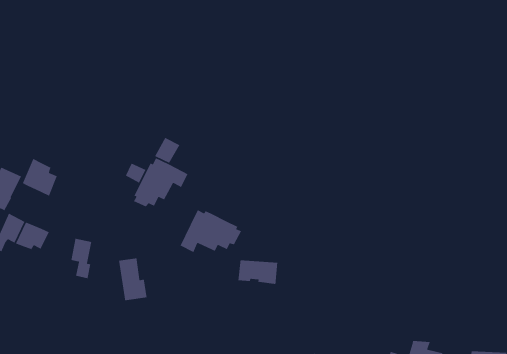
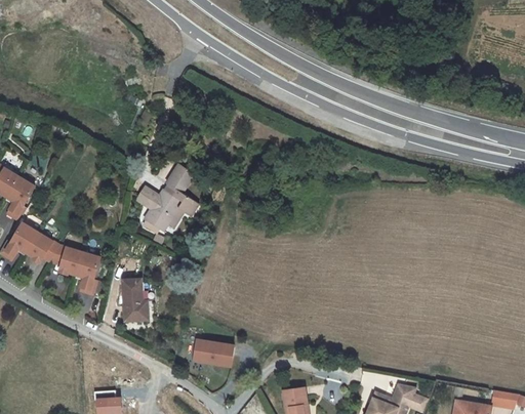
building: [22,158,58,197] -> none
building: [179,209,242,253] -> none
building: none -> [49,246,83,276]
building: [238,260,278,285] -> [191,339,232,367]

